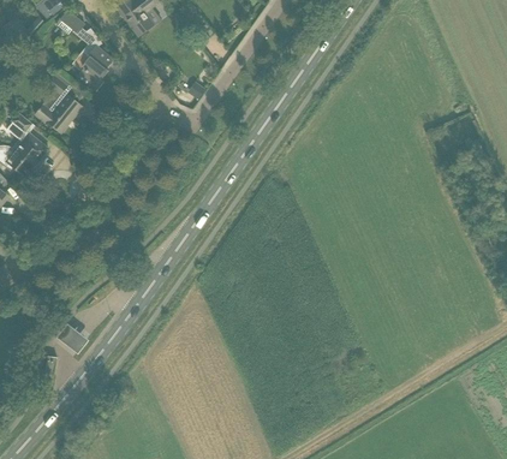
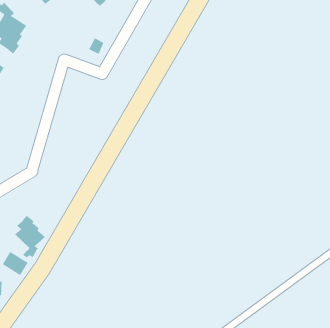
building: none -> [14,215,46,258]

